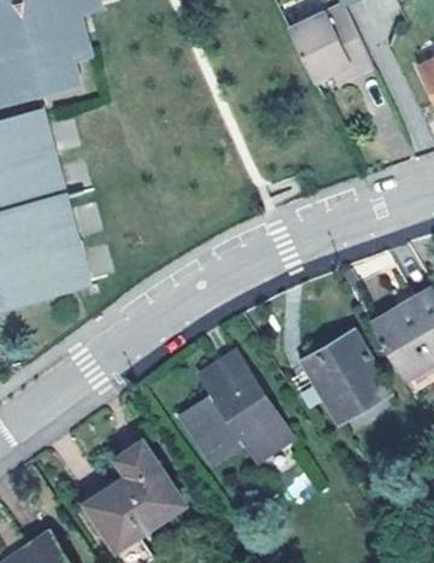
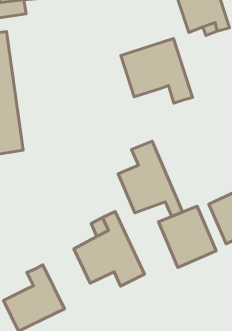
building: none -> [121,38,192,103]
building: none -> [118,141,182,216]

